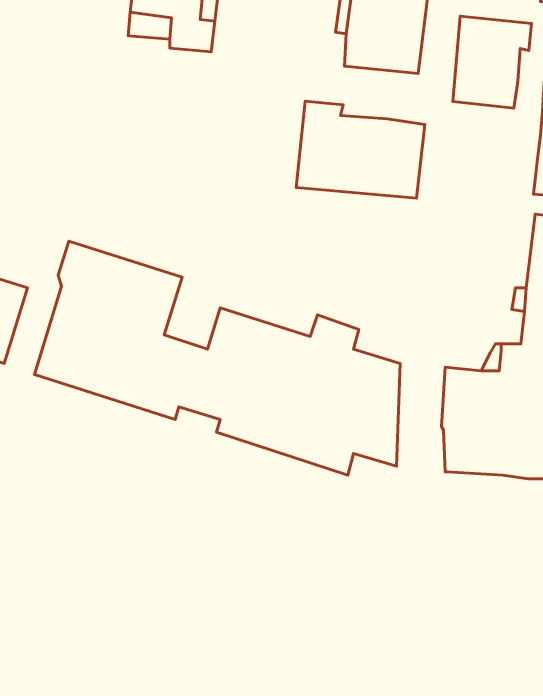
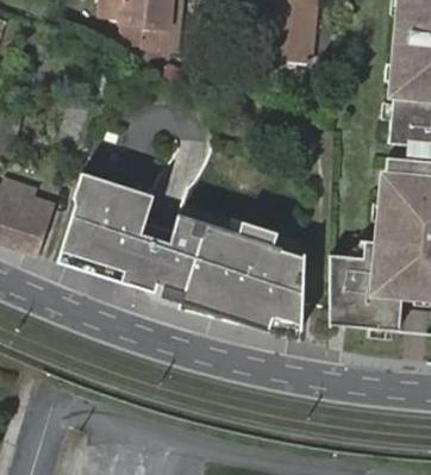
building: [453,16,532,108] -> none
building: [296,101,425,198] -> none

